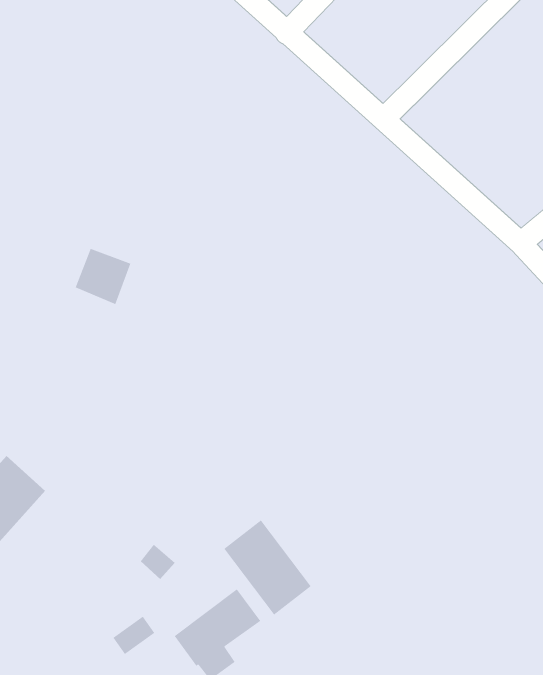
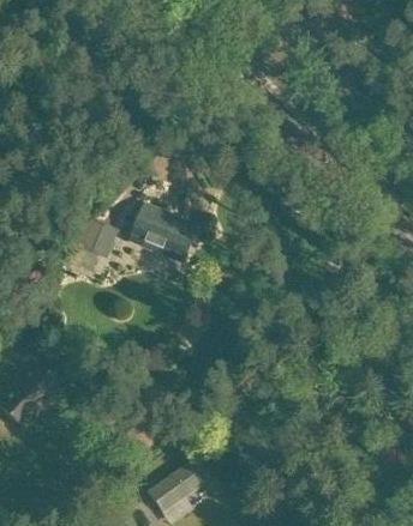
building: none -> [130,208,200,261]
building: [223,520,311,615] -> none

